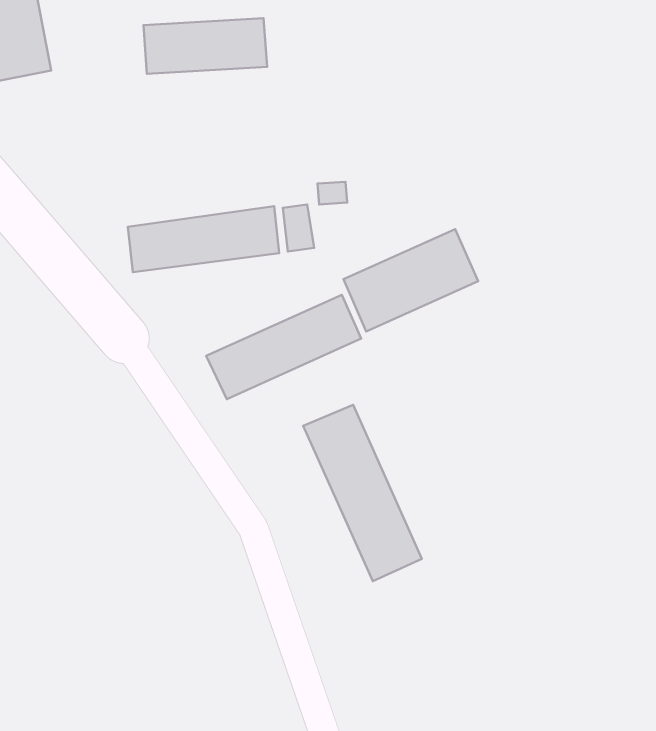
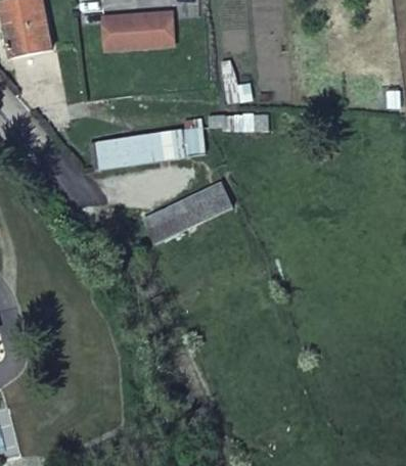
building: [343,229,478,331] -> none
building: [303,405,422,581] -> none

